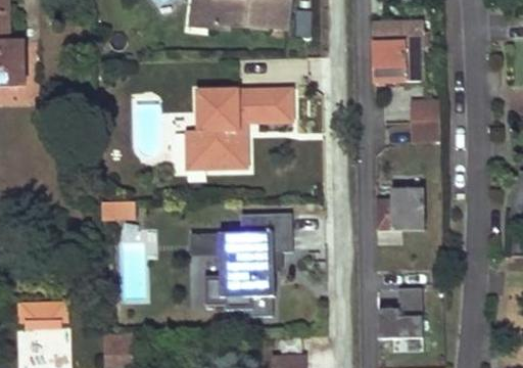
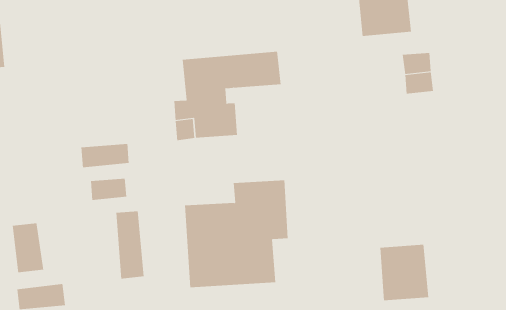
building: none -> [81,143,129,168]
building: [376,189,424,230] -> none
building: none -> [12,222,44,273]

